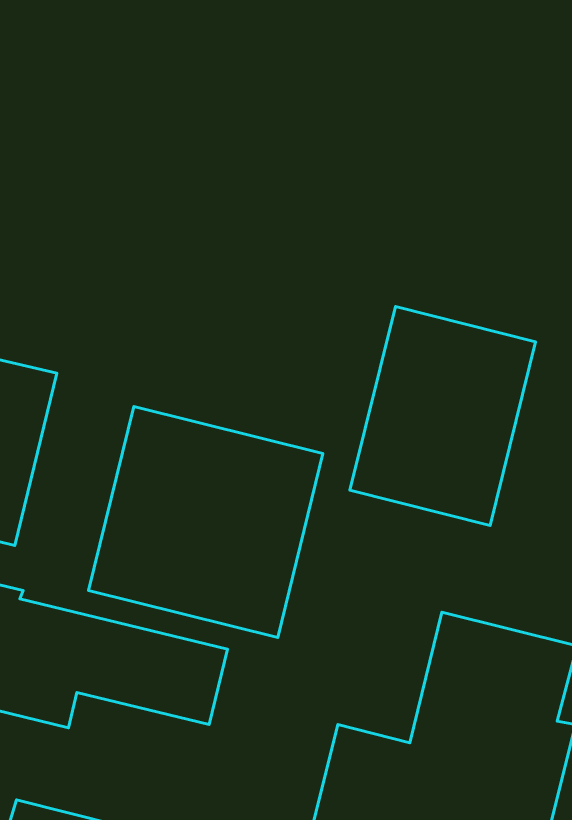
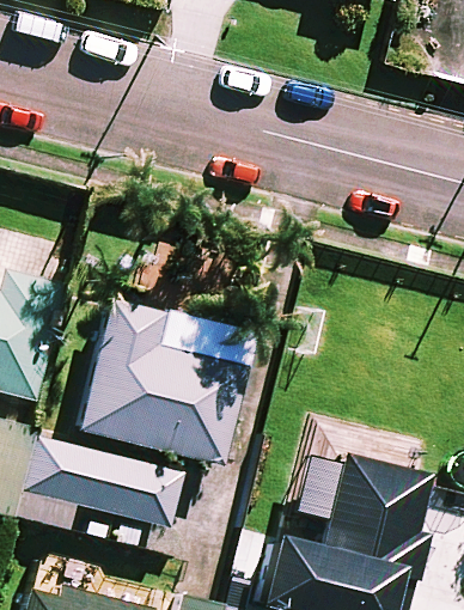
building: [350,307,536,525] -> none

